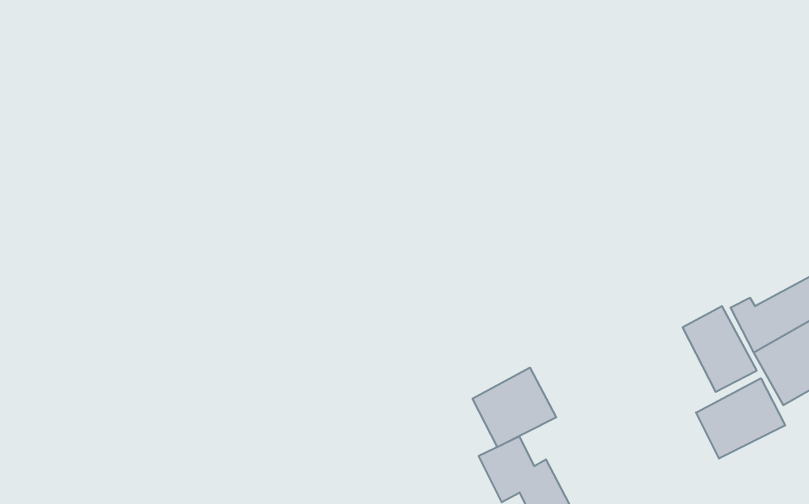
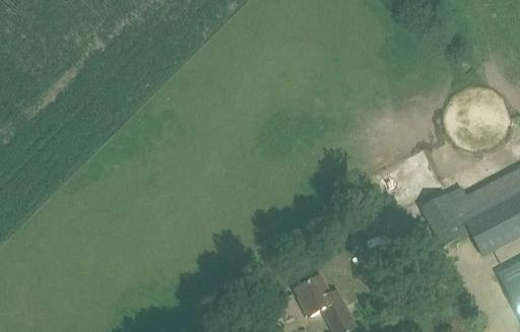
building: [473,368,556,447] -> none
building: [696,378,785,459] -> none

